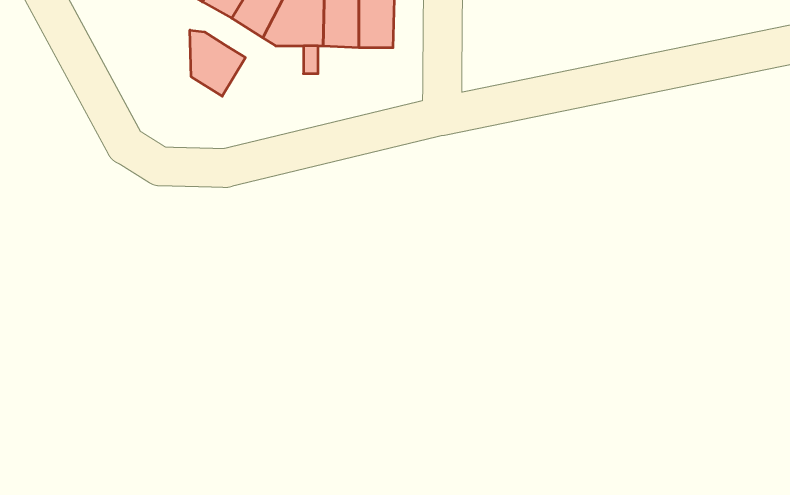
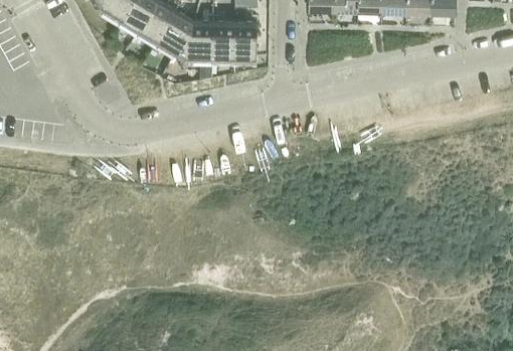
building: [190,30,245,96] -> none

